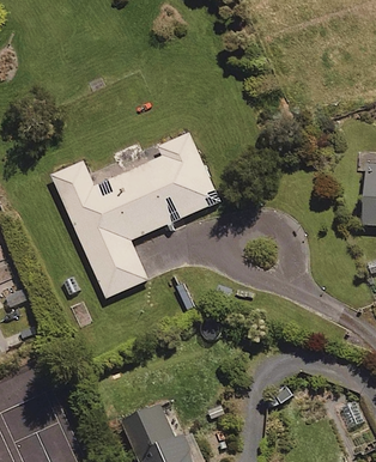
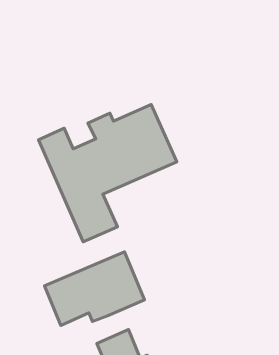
building: none -> [44,252,144,325]

